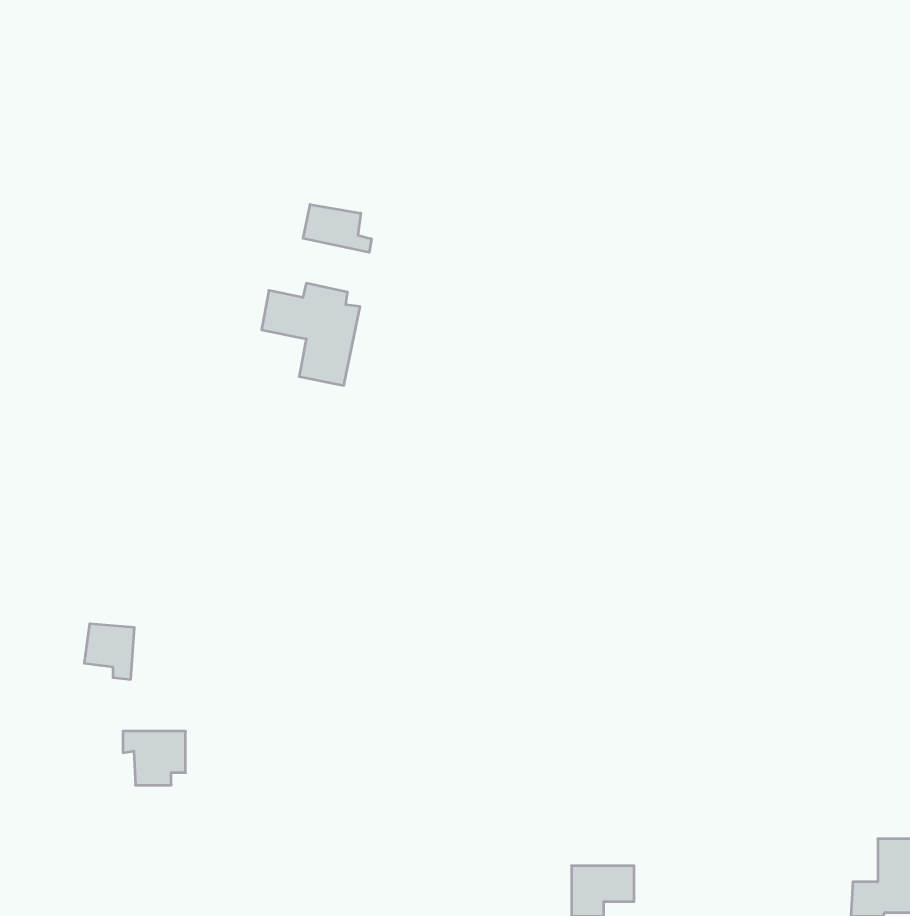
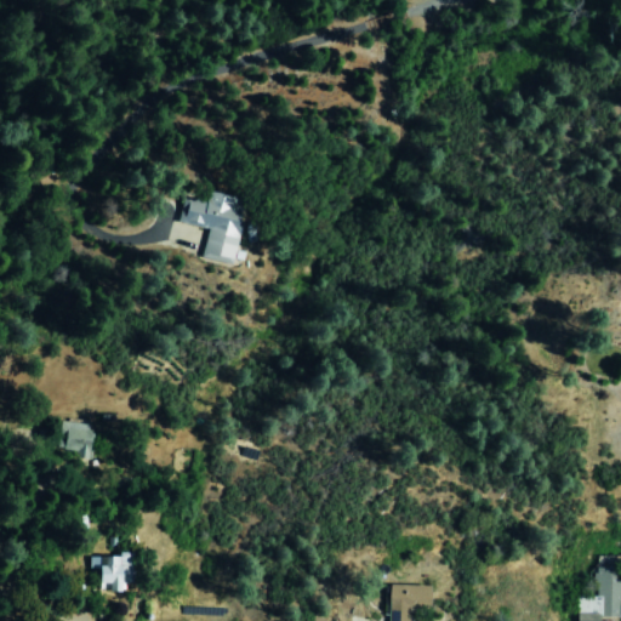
building: [303,204,371,252] -> none
building: [123,731,186,785] -> [92,556,135,592]

